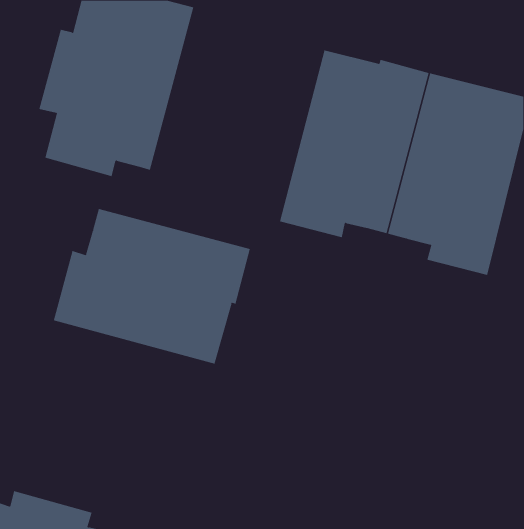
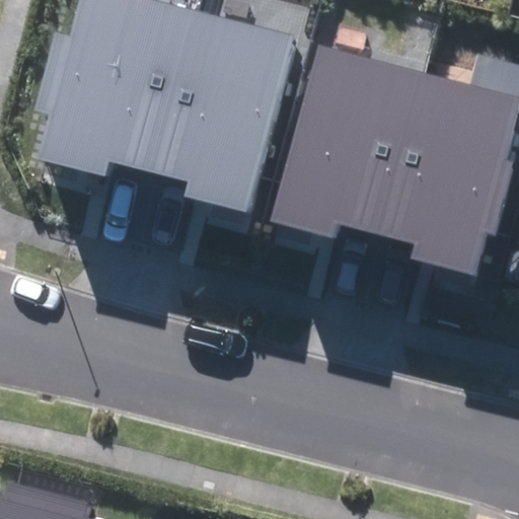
building: none -> [147,9,298,213]
building: [53,208,251,364] -> none

